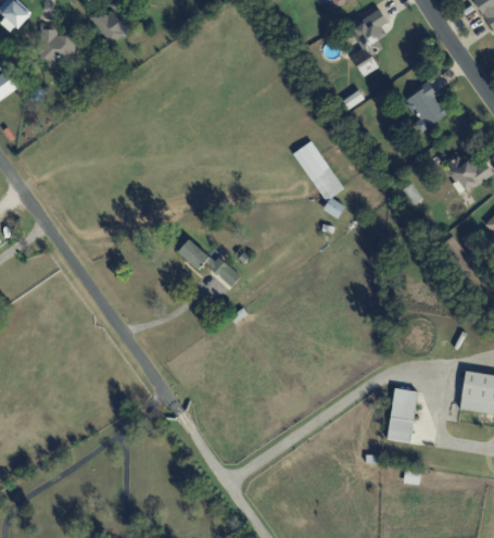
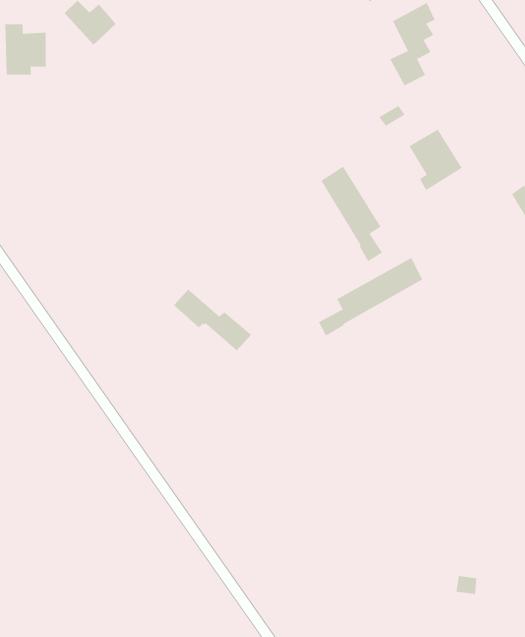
building: [404,83,447,133] -> [408,129,462,191]
building: none -> [318,257,423,336]
building: [387,389,416,441] -> none

